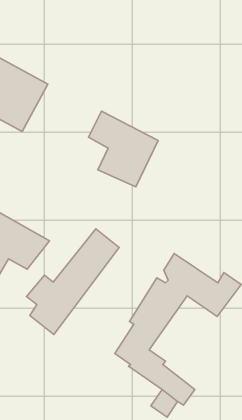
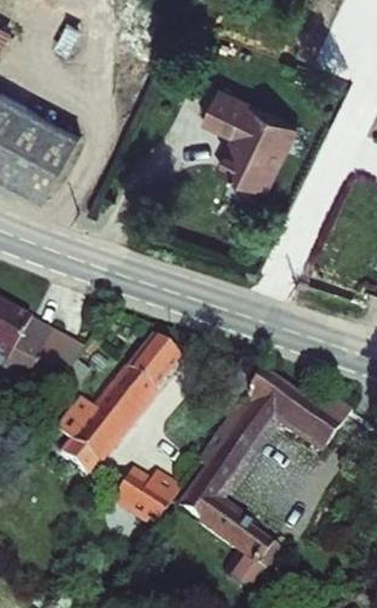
building: [88,111,158,187] -> [203,84,300,189]
building: none -> [109,467,182,530]

